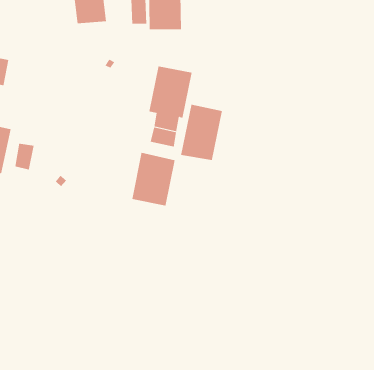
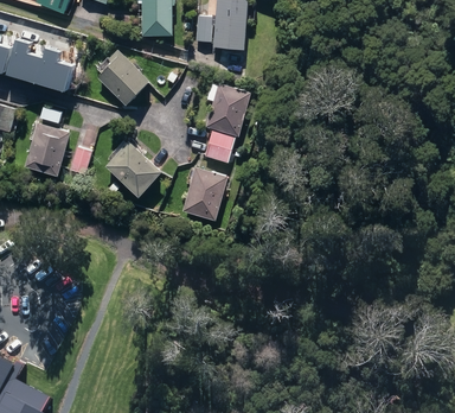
building: none -> [97,50,149,106]
building: [180,104,223,161] -> none
building: none -> [104,141,161,198]

